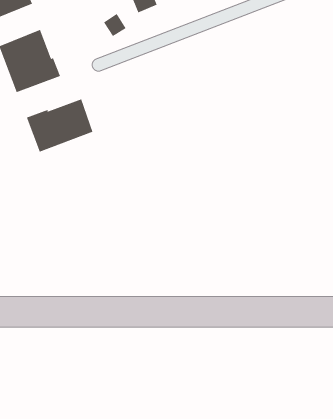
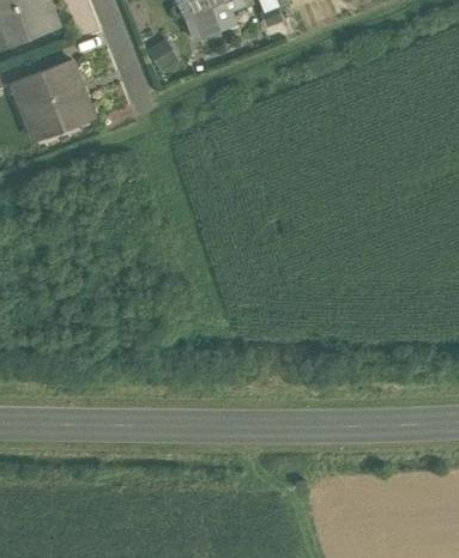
building: [26,98,93,152] -> none

